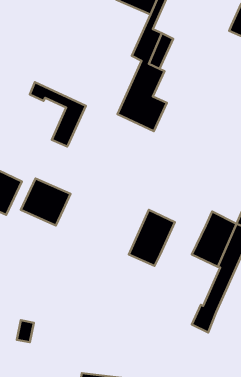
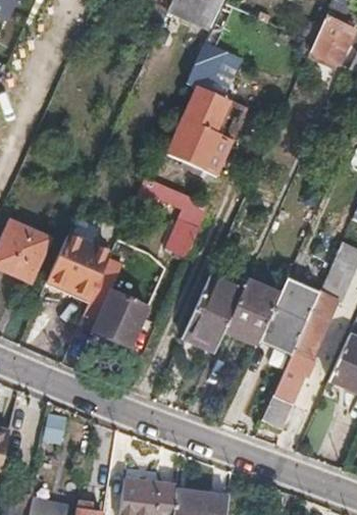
building: [30,82,86,146] -> [139,176,209,257]
building: none -> [85,275,148,347]
building: none -> [223,279,280,346]

